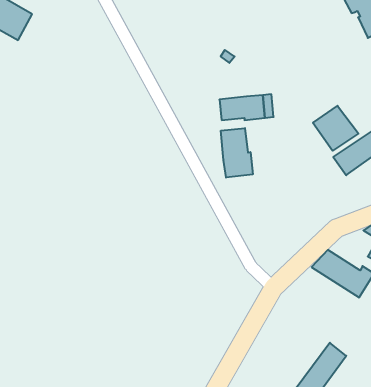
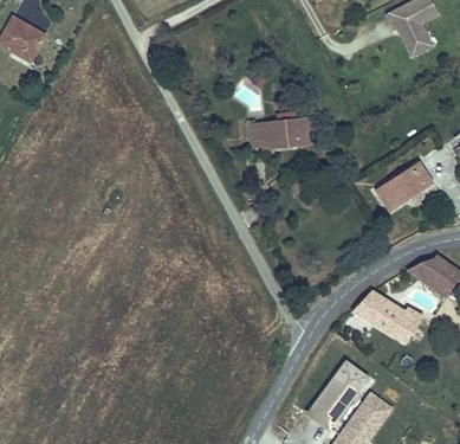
building: [313,106,358,151] -> none
building: [221,128,253,178] -> none
building: none -> [310,360,365,424]

